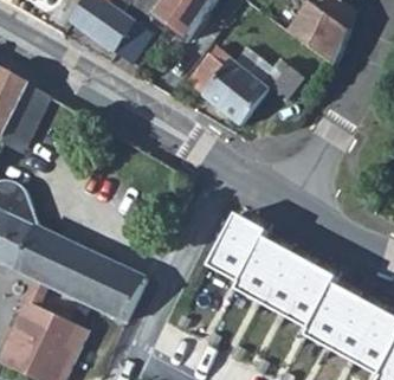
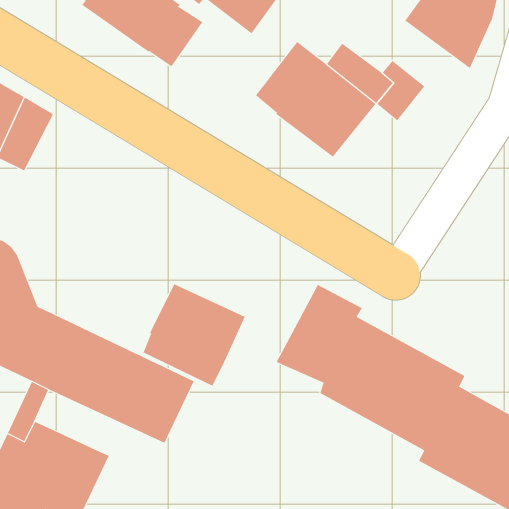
building: none -> [143,283,245,386]

